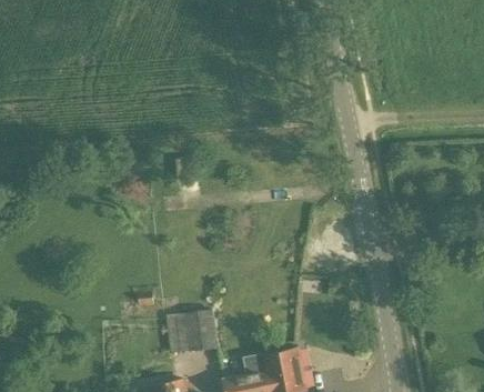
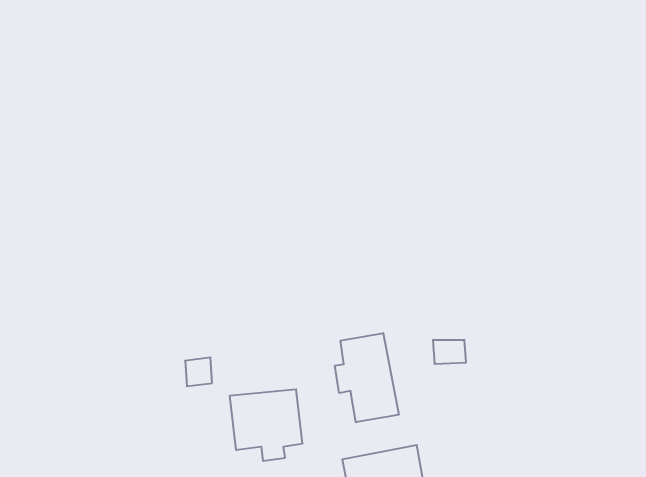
building: none -> [335,333,399,422]

